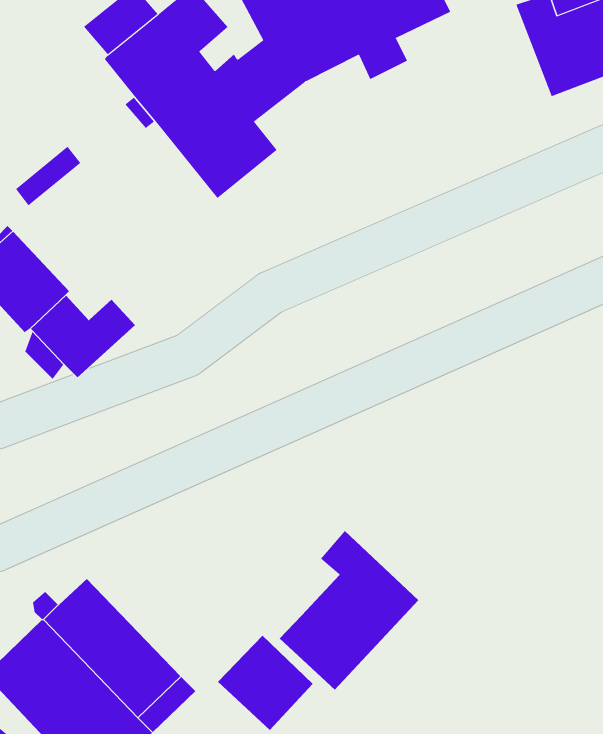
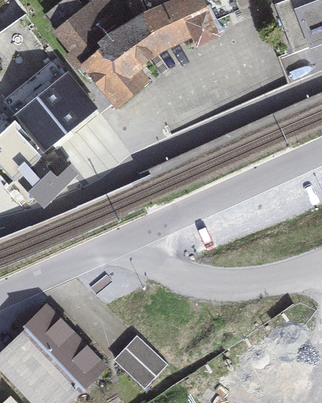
building: none -> [16,75,83,143]
building: [279,530,419,691] -> none

